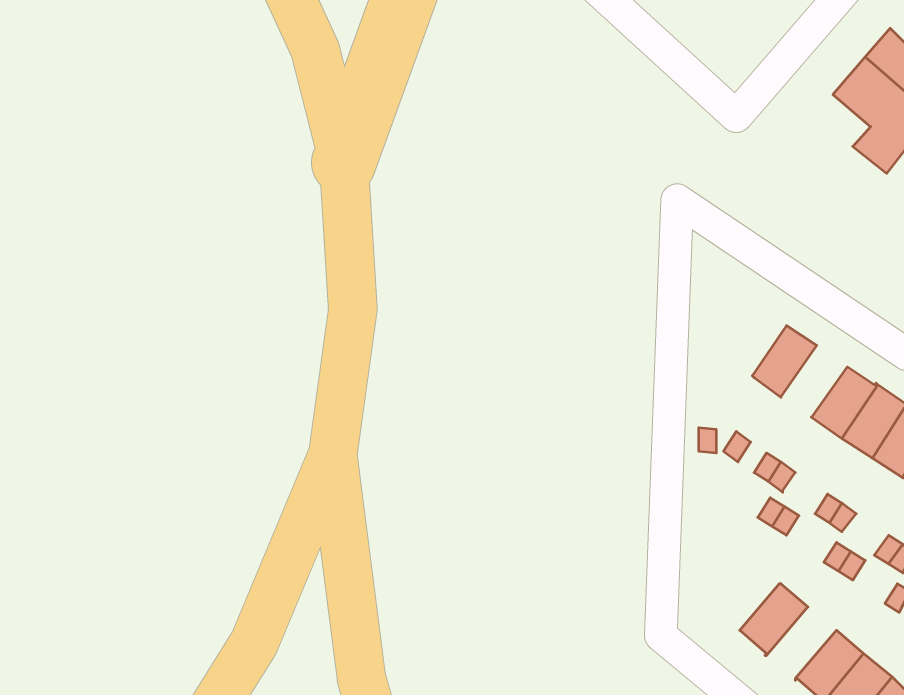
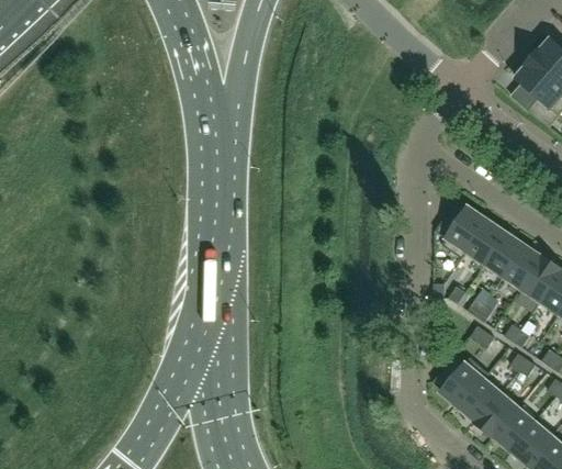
building: none -> [437,202,488,259]
building: none -> [485,233,526,277]
building: none -> [434,355,491,407]
building: none -> [476,393,519,437]

